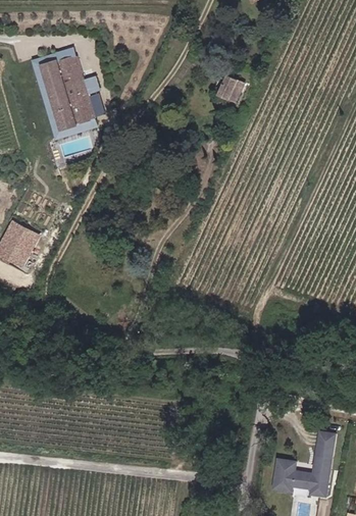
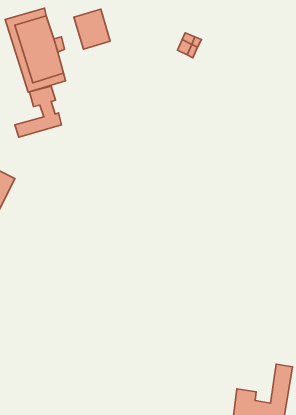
building: none -> [74,9,110,49]
building: none -> [15,86,62,137]

